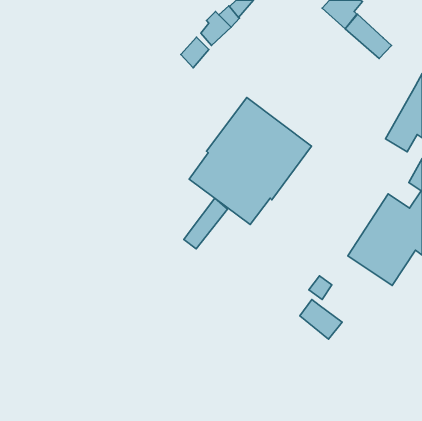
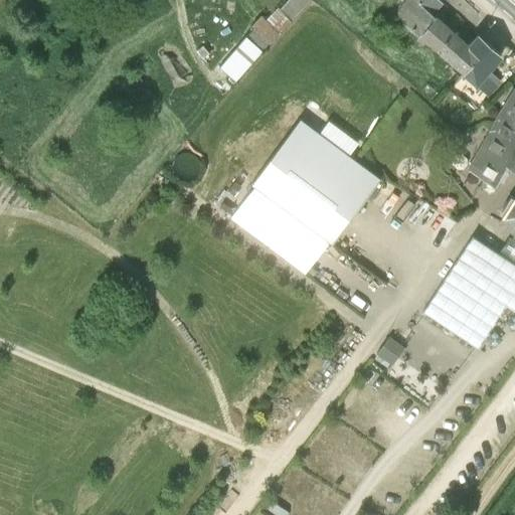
building: none -> [463,36,501,84]
building: [184,198,227,249] -> none
building: [300,299,342,339] -> none

